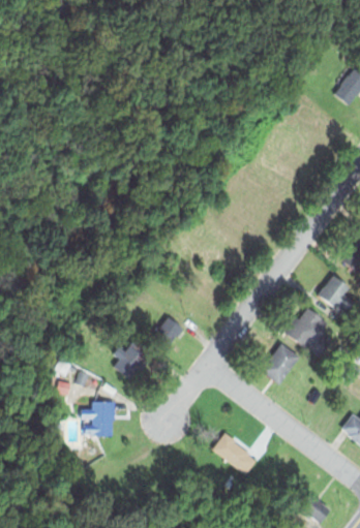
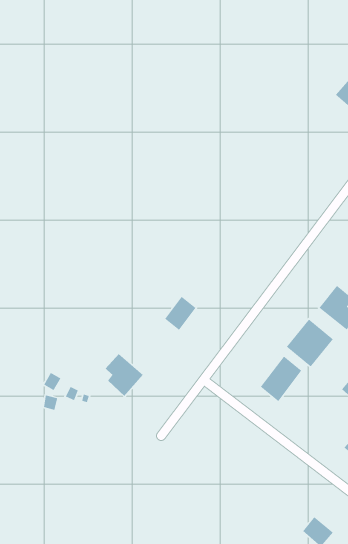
building: [152,315,183,348] -> [164,296,197,331]
building: [81,402,112,436] -> none
building: [212,431,257,474] -> none

